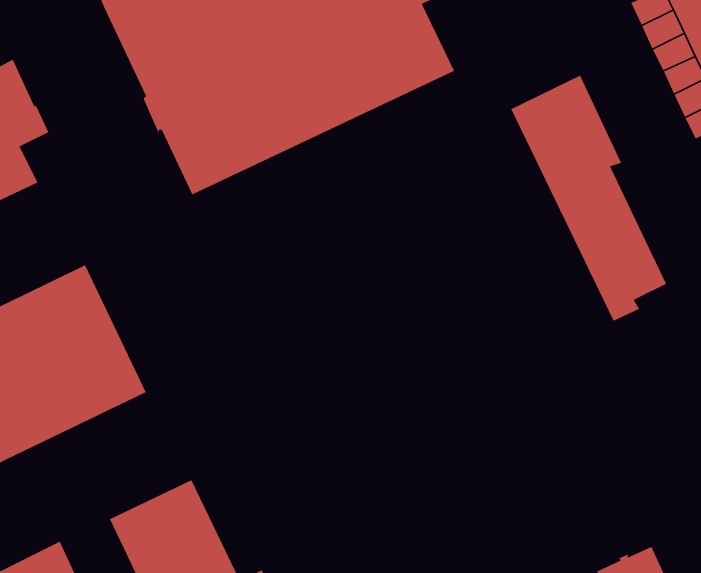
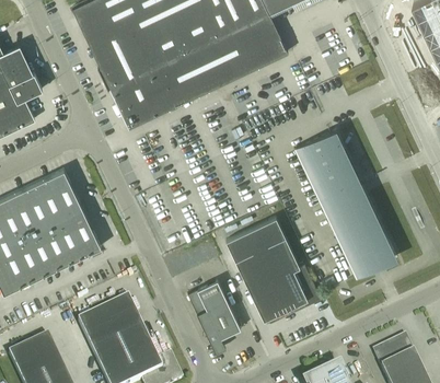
building: [510,75,667,322] -> [294,127,390,277]
building: none -> [227,216,322,318]
building: none -> [188,278,241,350]

